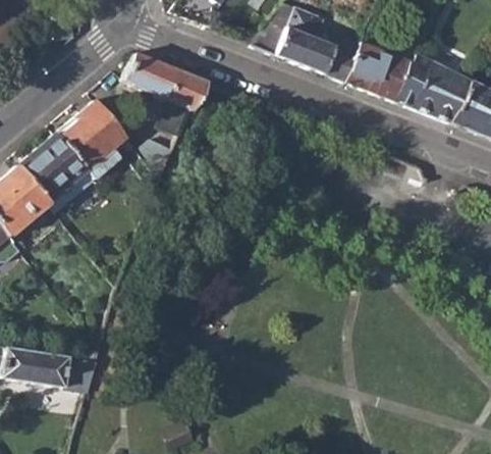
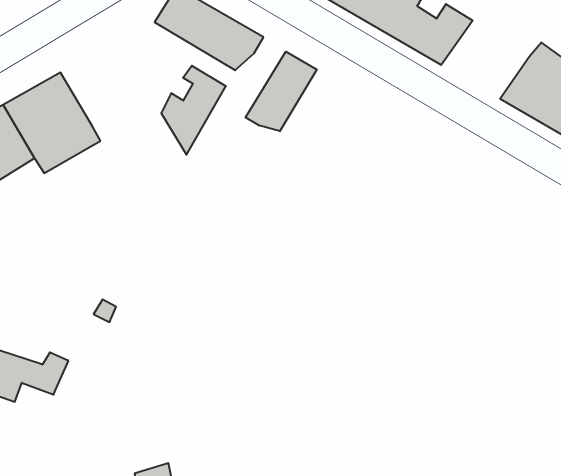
building: [346,42,420,99] -> none
building: none -> [246,52,317,131]
building: [58,100,128,170] -> none

